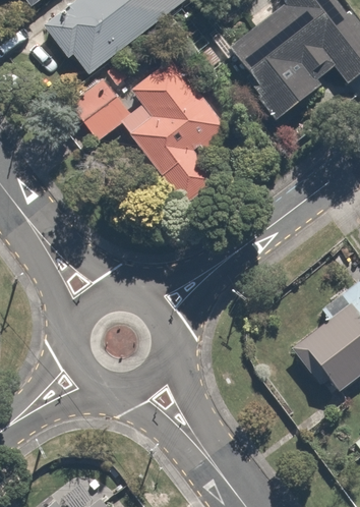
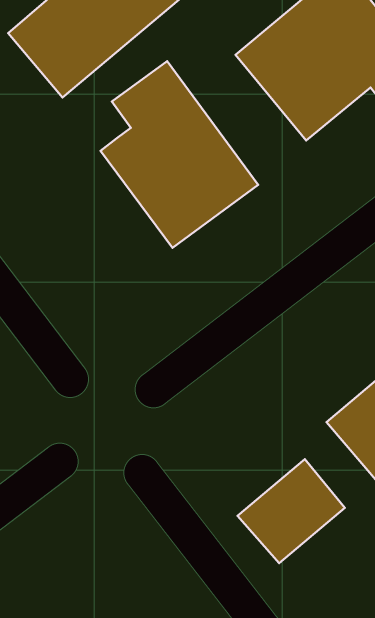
building: [68,73,130,137] -> none
building: none -> [238,459,345,563]

